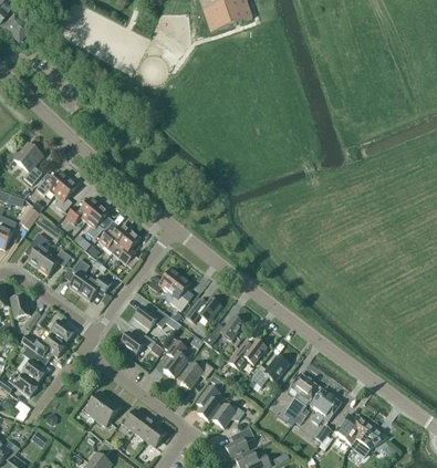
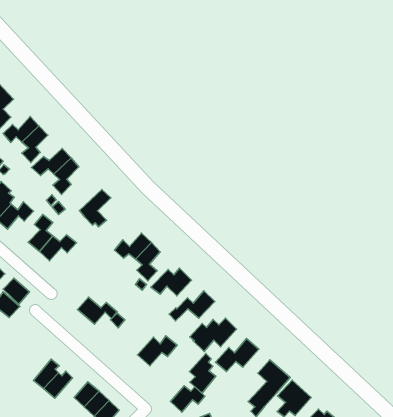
building: [97,223,131,253] -> none
building: [133,305,168,329] -> none
building: [162,340,187,377] -> none
building: [195,385,219,422] -> [190,353,216,393]

